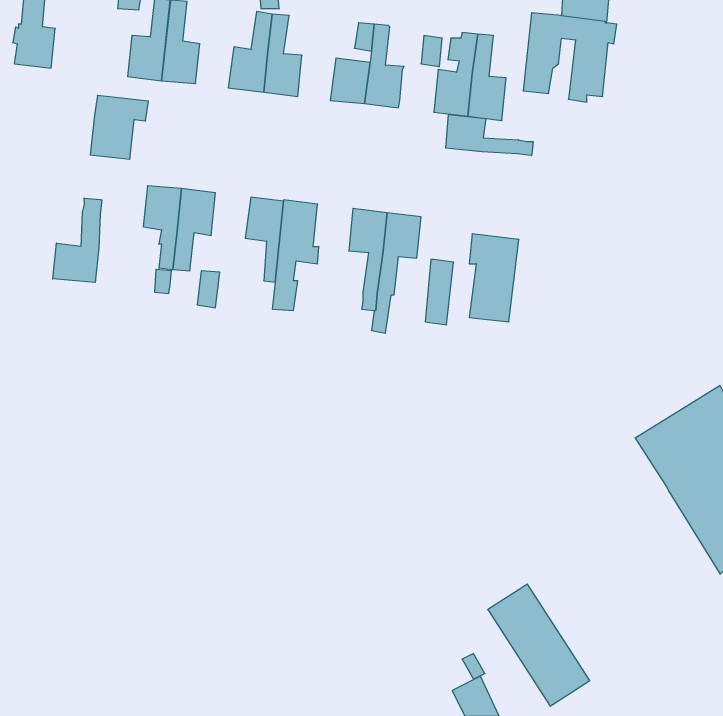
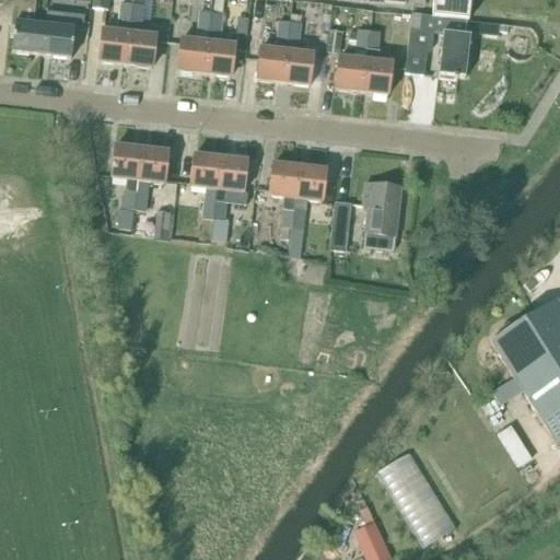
building: [90,95,148,159] -> [40,7,85,56]
building: [446,115,533,156] -> none
building: [53,198,102,282] -> none

